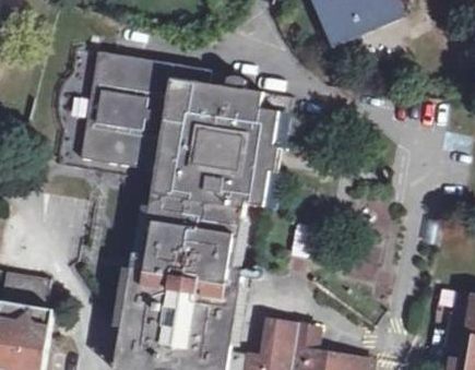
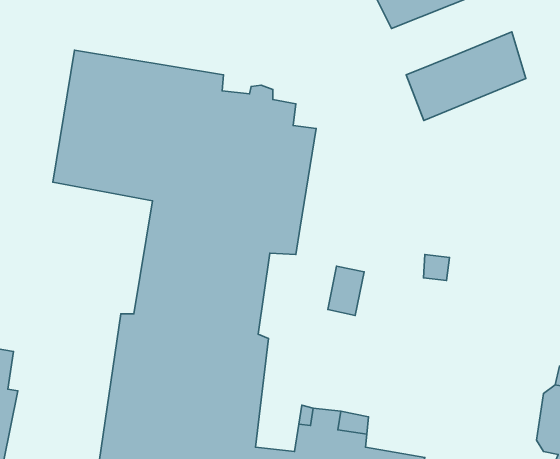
building: none -> [406,32,526,120]

